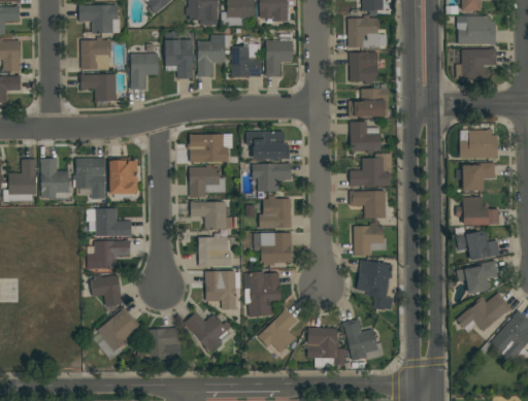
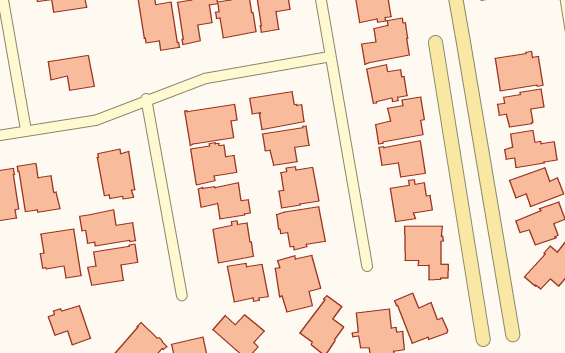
building: [80,37,111,70] -> none
building: [130,54,158,90] -> none
building: [73,159,105,199] -> [40,229,81,278]
building: [90,275,123,307] -> [48,306,91,345]

